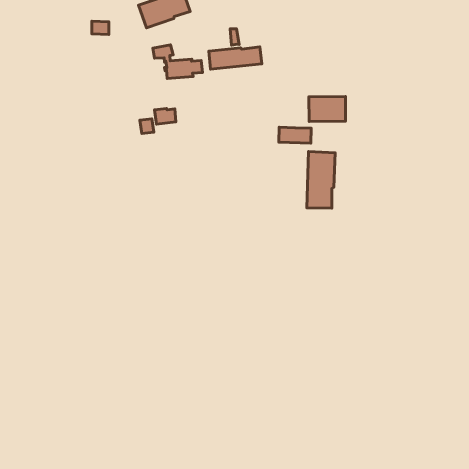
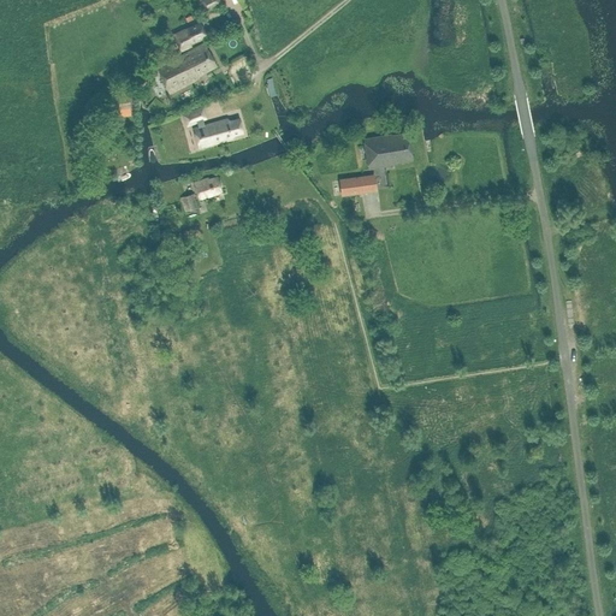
building: [209,47,262,69] -> none
building: [307,152,335,208] -> none

